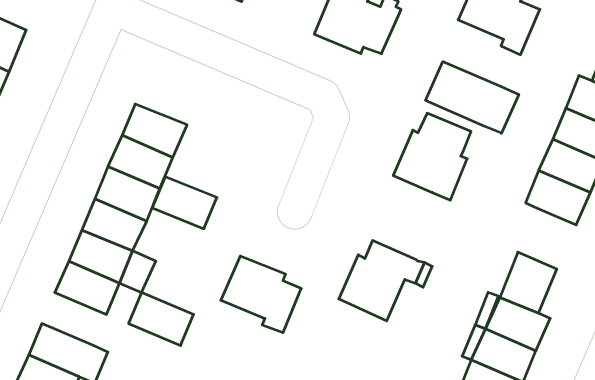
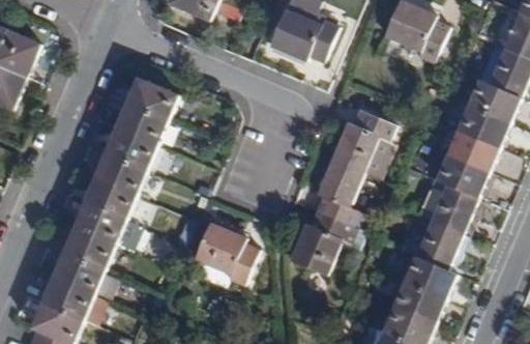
building: [426,62,519,133] -> none
building: none -> [315,159,362,226]
building: [152,177,217,229] -> [125,77,177,118]
building: none -> [431,184,477,233]
building: [129,292,194,346] -> [51,252,102,294]

